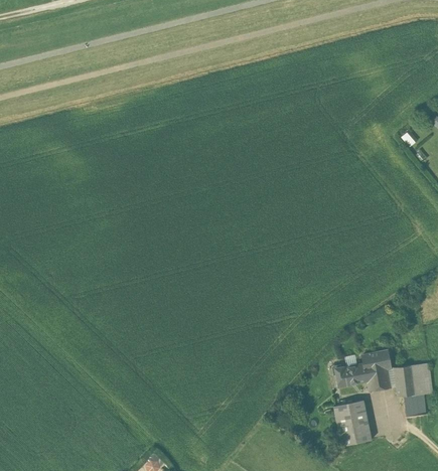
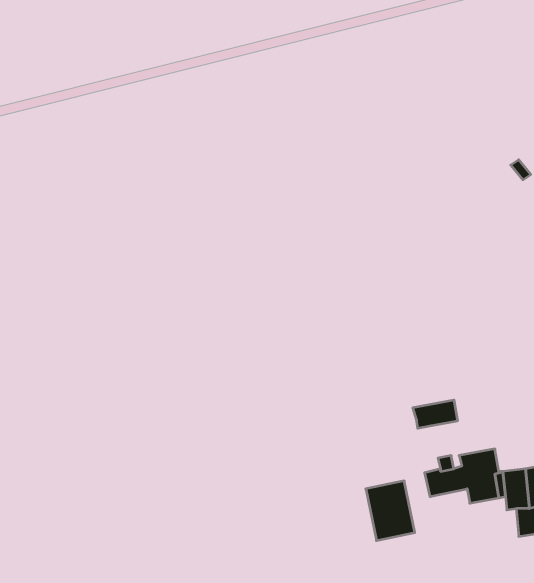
building: none -> [413,400,457,428]
building: [334,399,372,444] -> [366,481,415,541]

